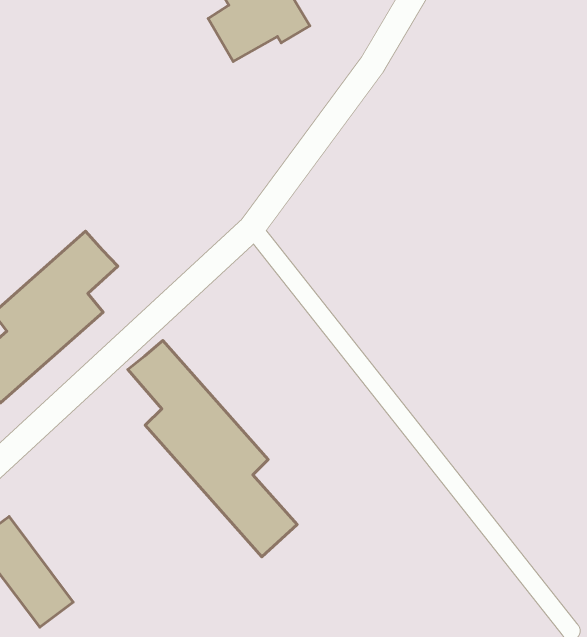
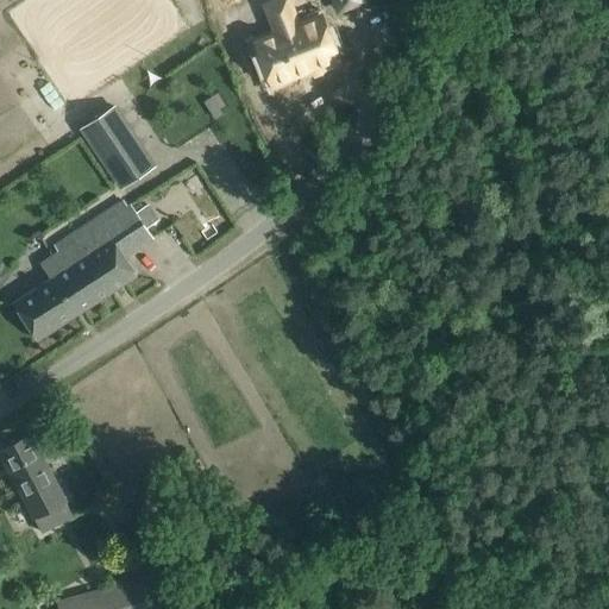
building: none -> [81,106,152,187]
building: [128,340,297,557] -> none

